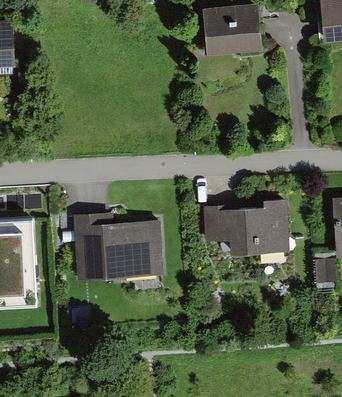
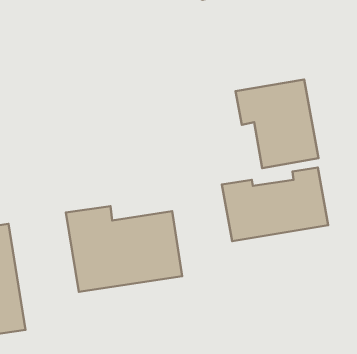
building: none -> [236,79,318,168]

